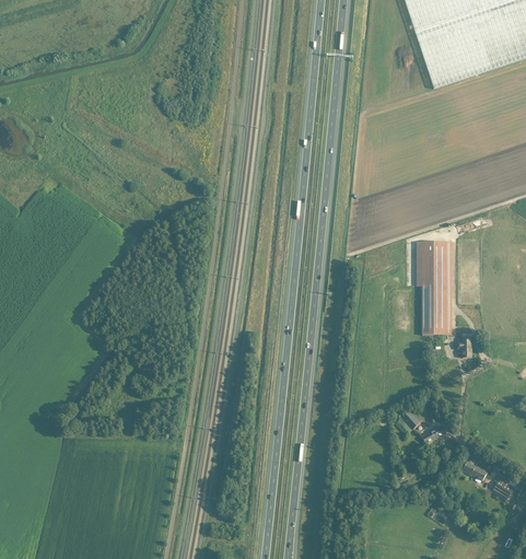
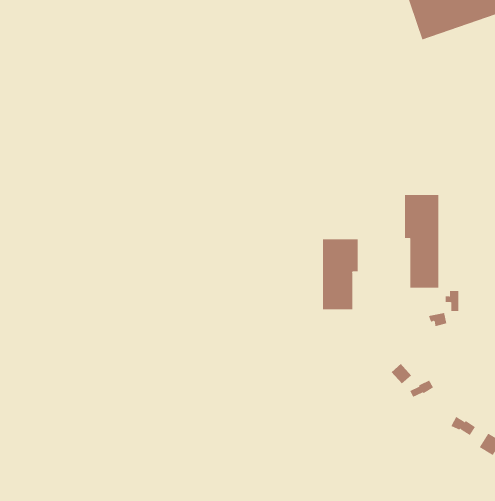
building: none -> [323,239,358,310]

